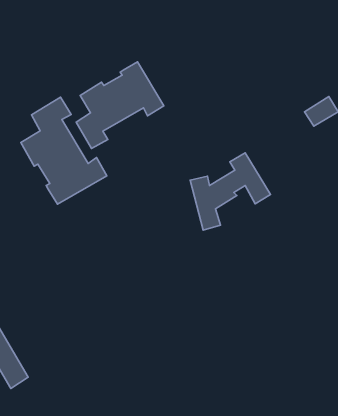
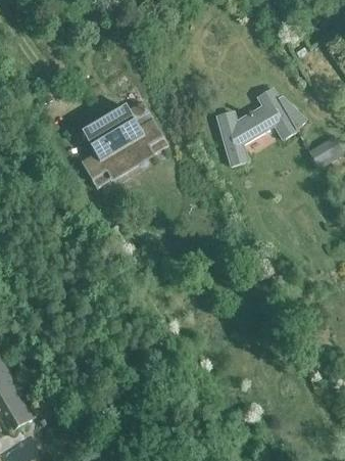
building: [21,97,107,204] -> none
building: [190,153,271,230] -> [217,88,298,166]

